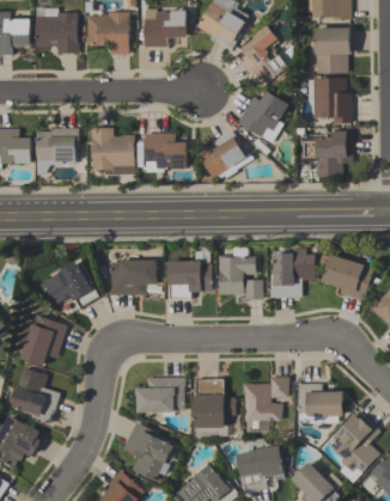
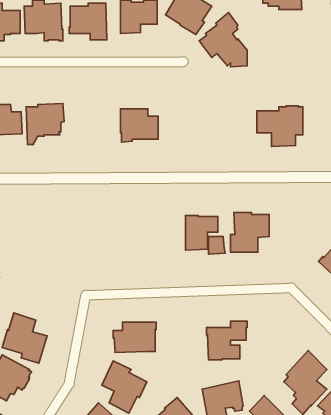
building: [315,26,351,72] -> none
building: [313,77,351,122] -> none
building: [237,90,288,142] -> none
building: [90,127,134,175] -> none
building: [197,129,251,178] -> none
building: [167,248,211,299] -> none
building: [321,252,373,300] -> none
building: [108,258,157,294] -> none
building: [38,261,99,307] -> none
building: [19,314,66,365] -> none
building: [194,378,234,427] -> none
building: [298,383,343,427] -> none

